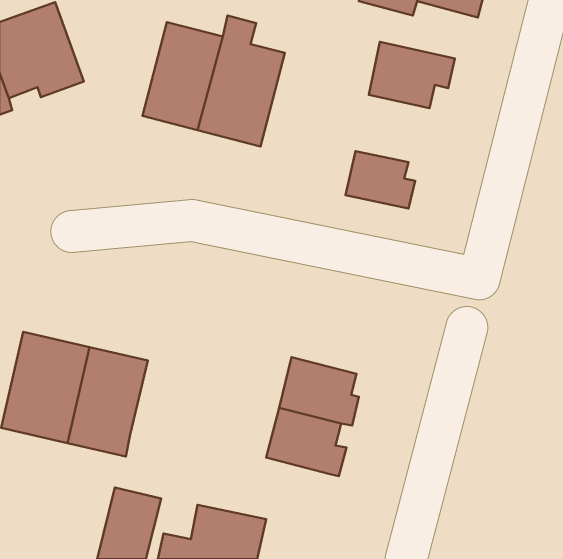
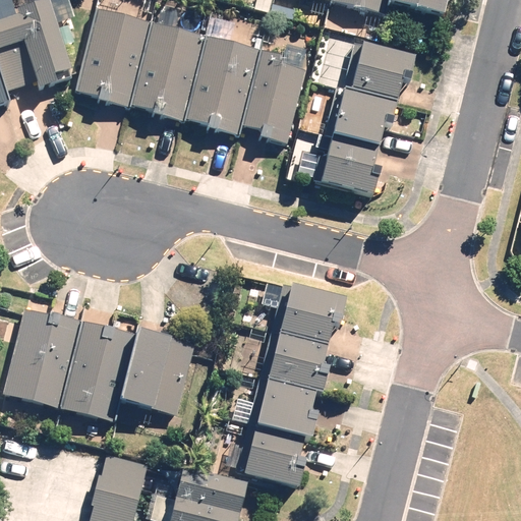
building: none -> [74,5,154,107]
building: none -> [240,49,307,147]
building: none -> [330,88,396,144]
building: none -> [269,281,348,345]
building: none -> [120,333,195,414]
building: none -> [234,422,308,486]

